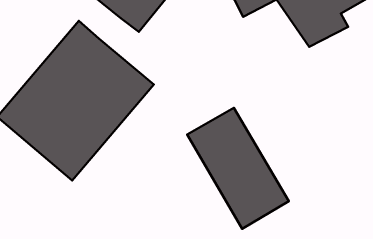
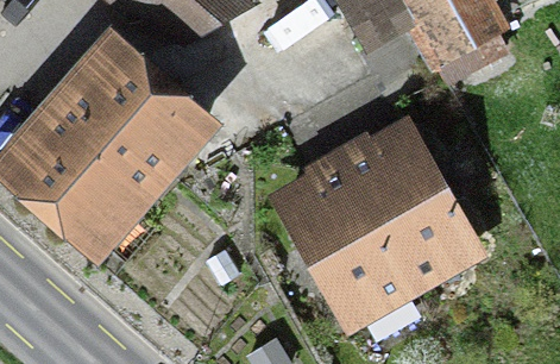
building: none -> [336,115,484,289]

